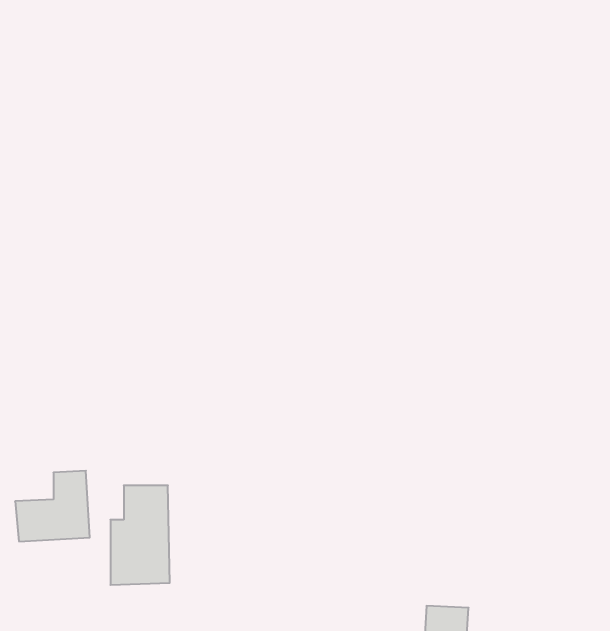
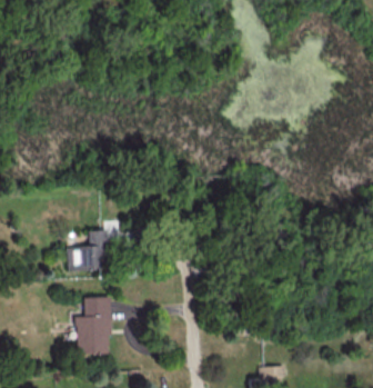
building: [15,471,90,541] -> [69,229,112,270]

